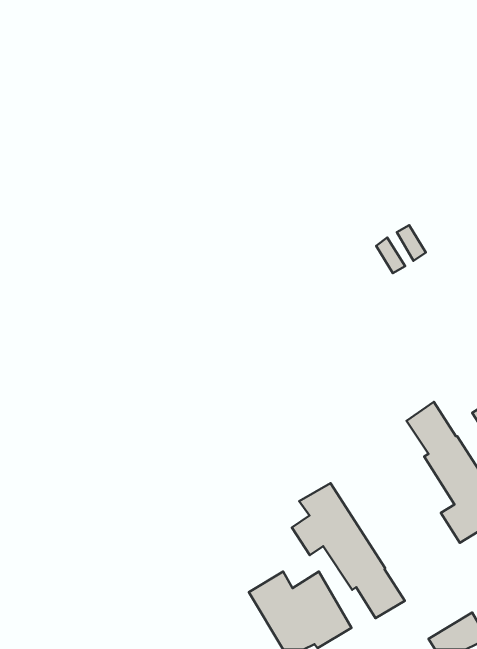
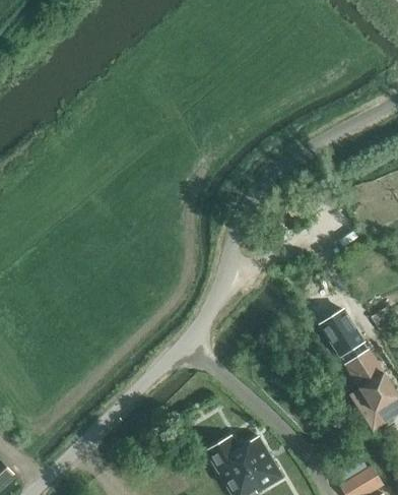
building: [292,483,405,618] -> none

